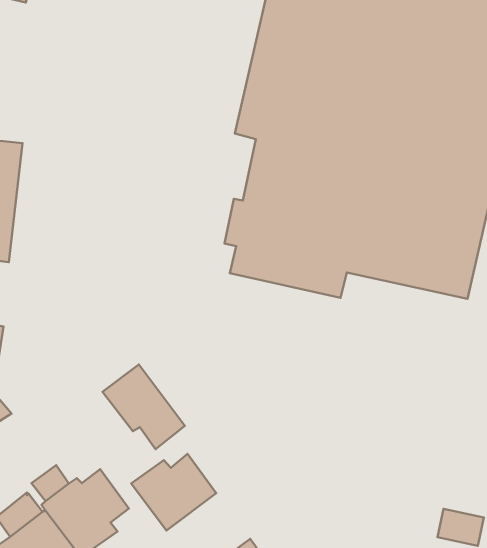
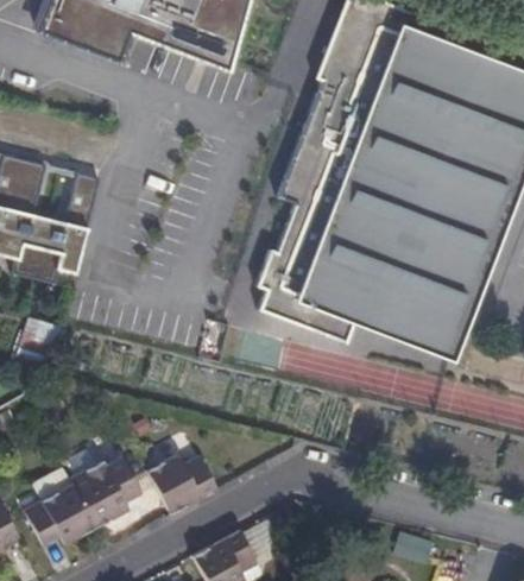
building: [102,365,185,449] -> none

